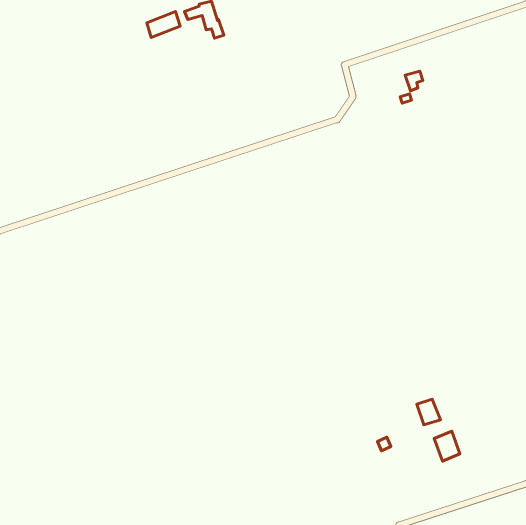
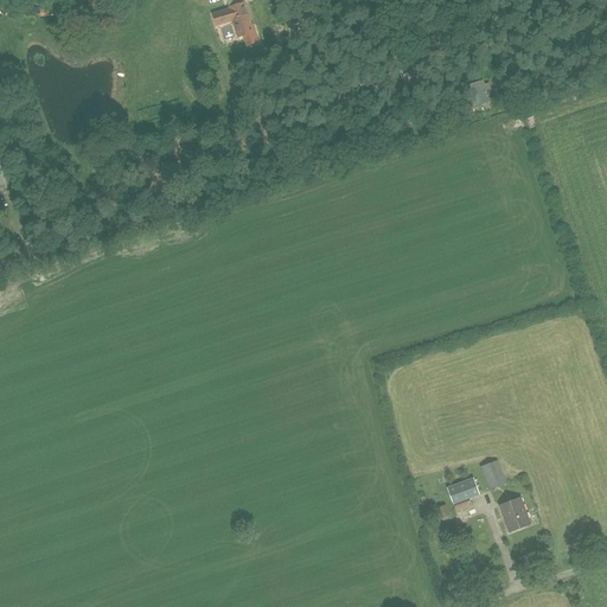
building: [147,12,180,37] -> none
building: none -> [446,477,479,505]

